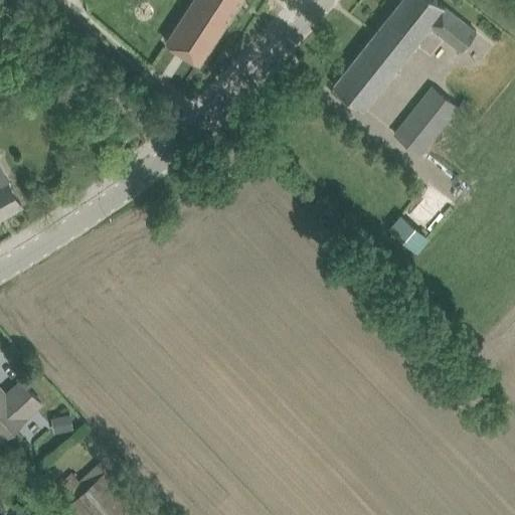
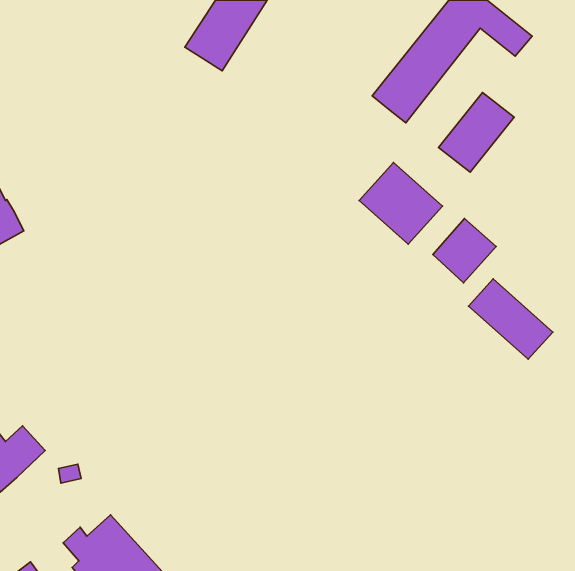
building: none -> [359,163,442,244]
building: none -> [468,279,553,359]

